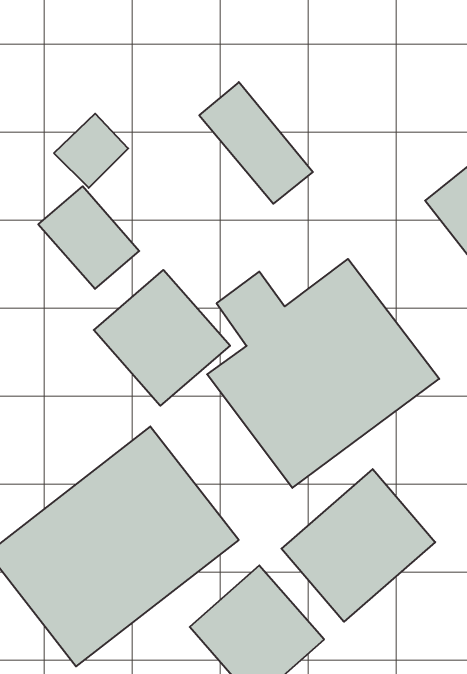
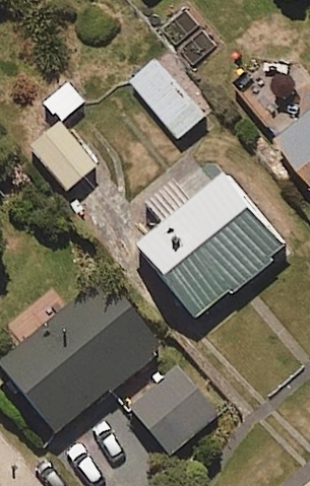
building: [94,270,230,406] -> none
building: [281,469,435,622] -> none

